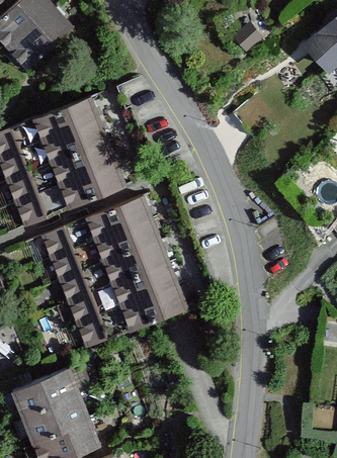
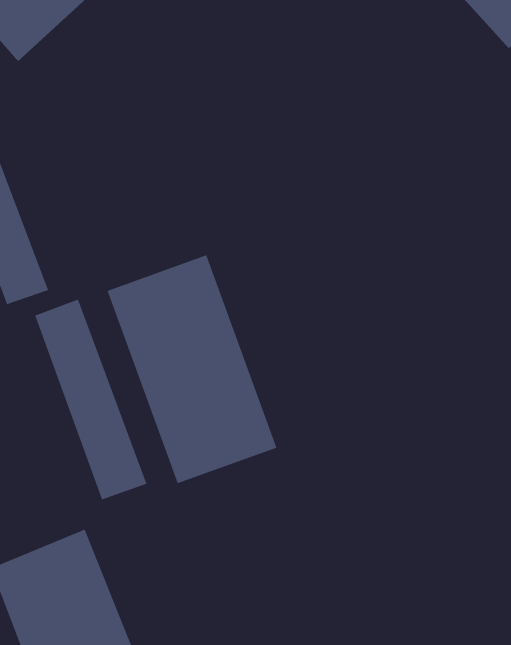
building: [27,98,127,214] -> none

